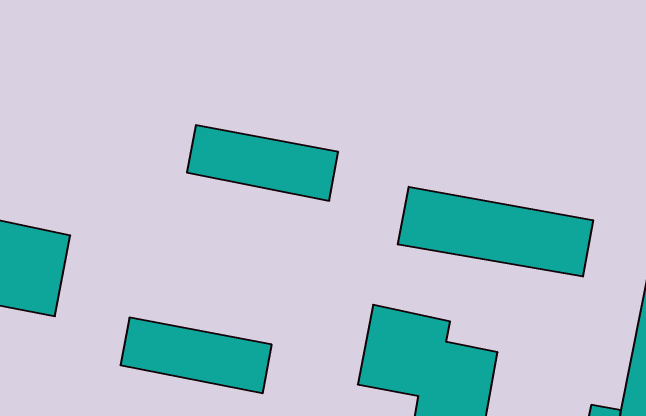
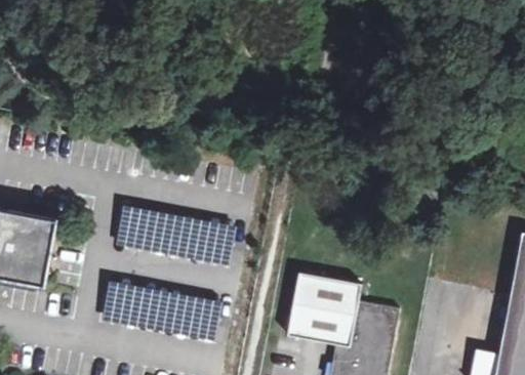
building: [187,125,338,201] -> [117,205,238,265]
building: [398,187,593,277] -> none

